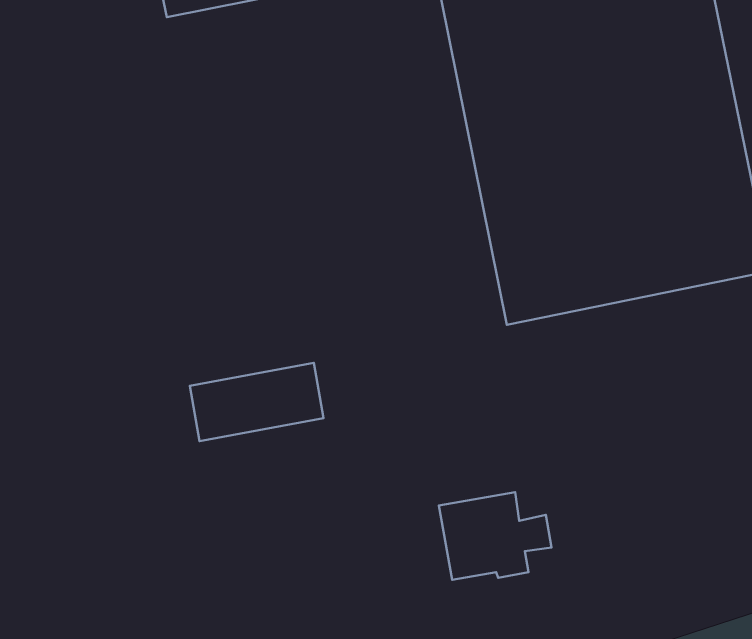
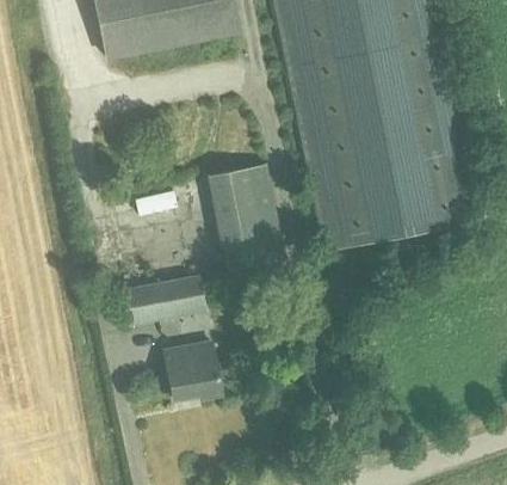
building: none -> [208,162,285,270]
building: [439,492,552,580] -> [165,342,235,397]

